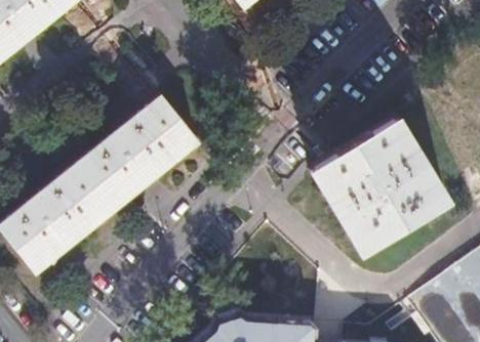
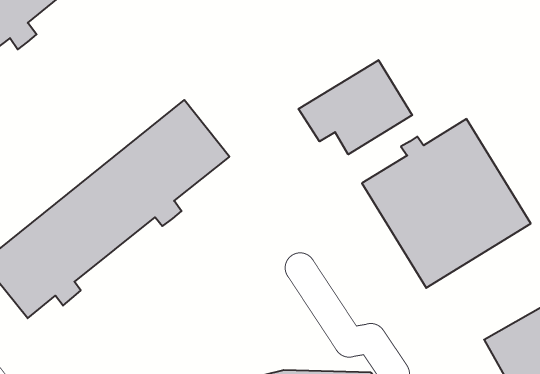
building: none -> [299,60,412,154]

